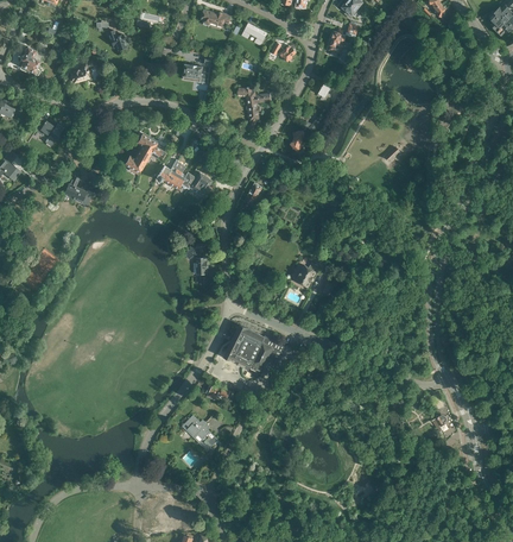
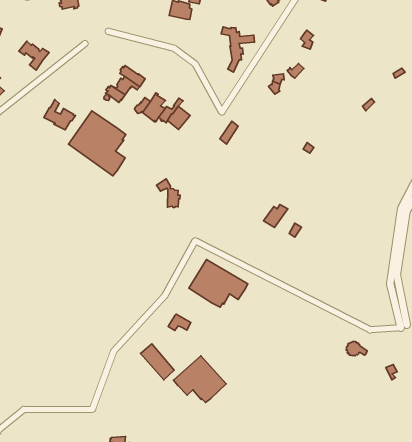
building: none -> [68,111,126,176]
building: none -> [173,356,226,403]

